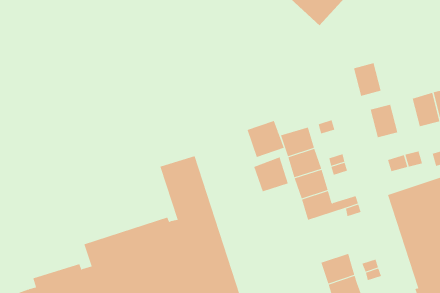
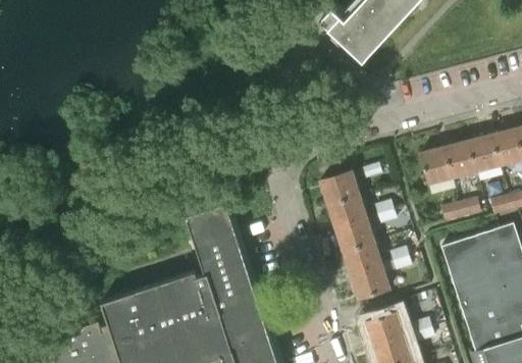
building: [353,63,382,96] -> [445,141,476,178]
building: [247,120,284,158] -> none
building: [254,156,289,192] -> none
building: none -> [352,266,390,300]

